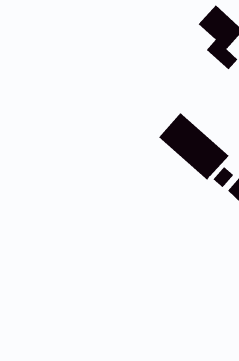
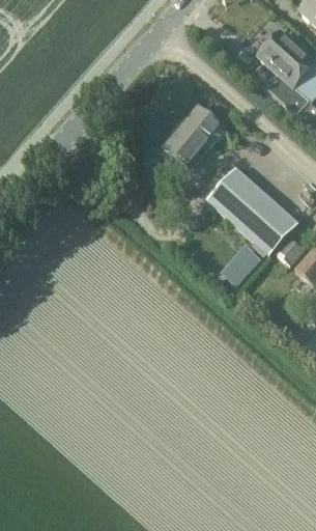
building: none -> [164,105,224,167]
building: none -> [220,247,260,289]

